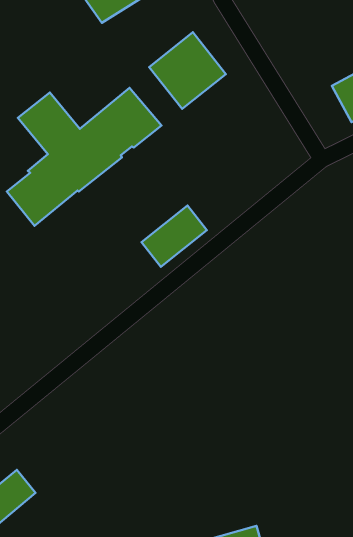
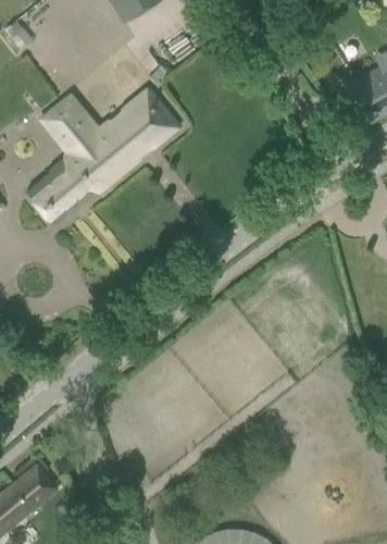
building: [149,32,226,109] -> none
building: [141,205,207,267] -> none

